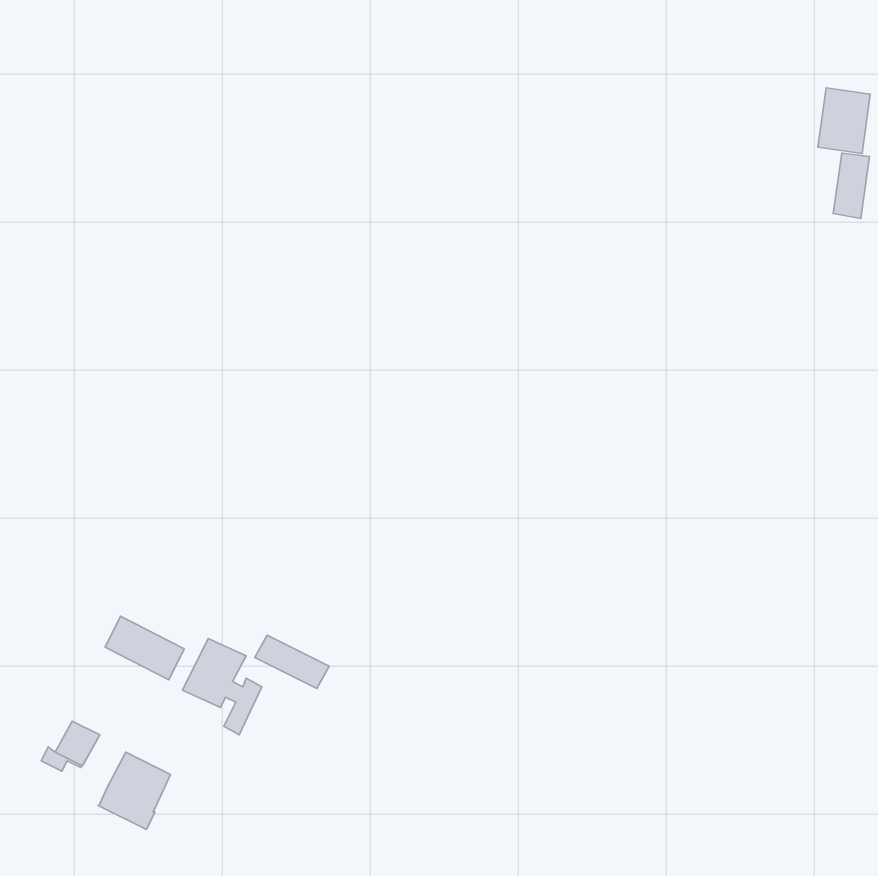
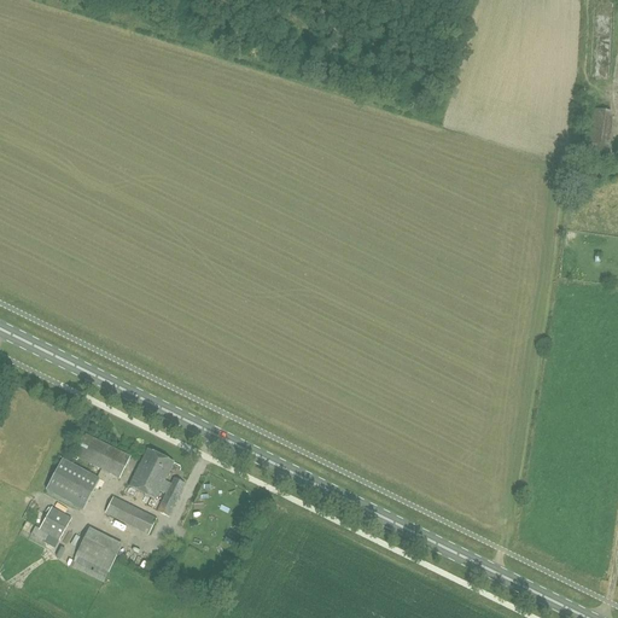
building: [818,88,870,153] -> none
building: [255,635,329,688] -> [104,495,156,532]
building: none -> [45,457,98,508]

